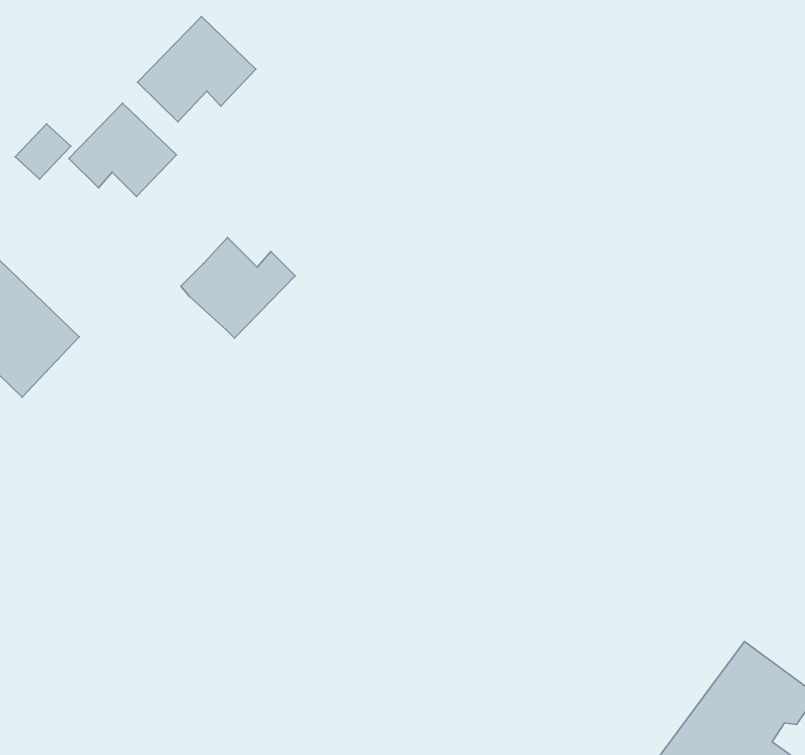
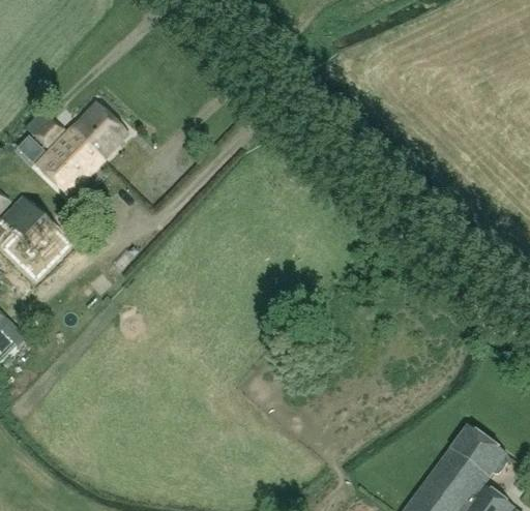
building: [137,16,256,122] -> none
building: [181,238,295,338] -> [35,136,104,196]

